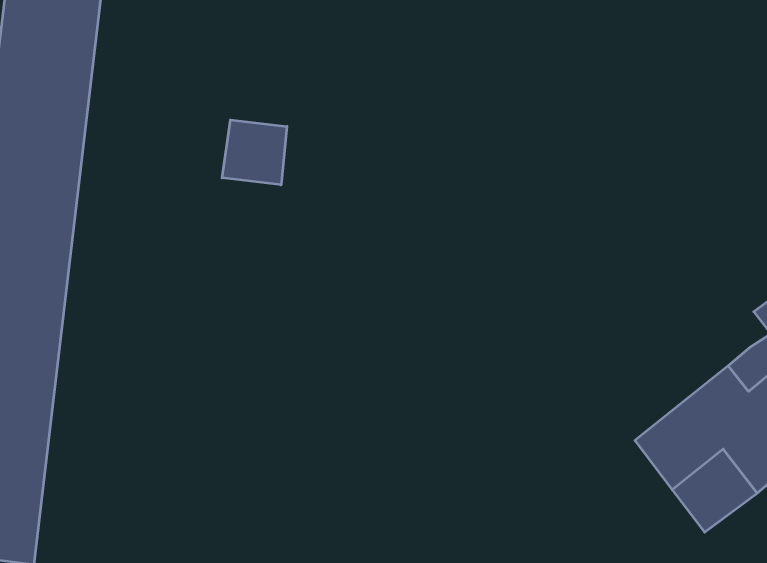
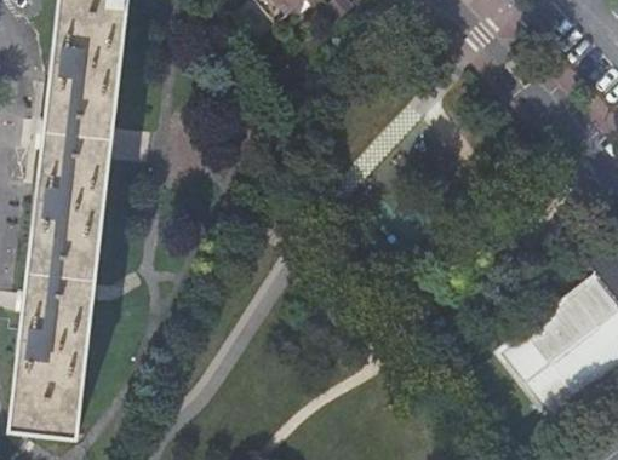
building: [222,120,287,185] -> none

